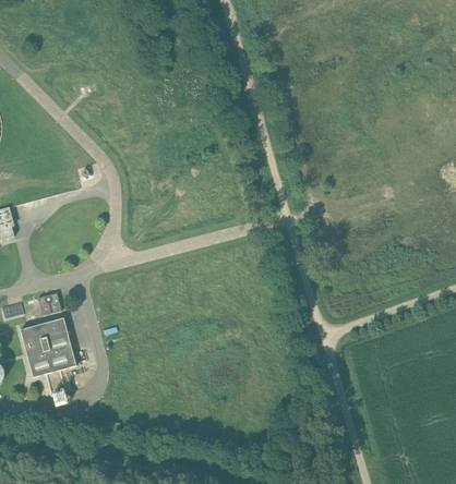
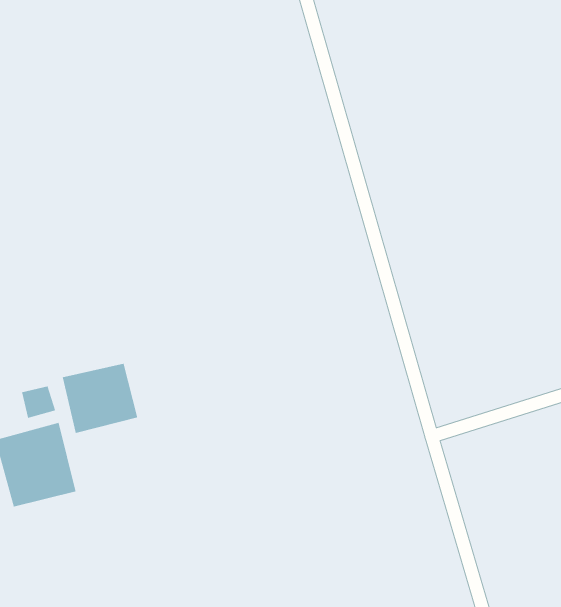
building: none -> [62,363,138,434]

